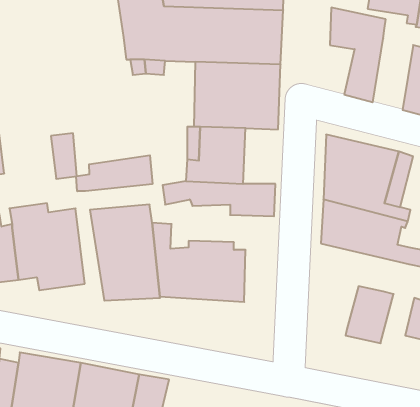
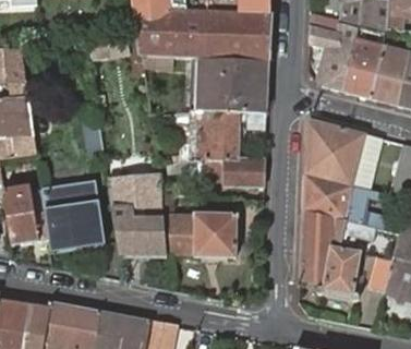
building: none -> [346,28,379,97]
building: [76,155,152,191] -> none
building: none -> [300,209,376,281]

